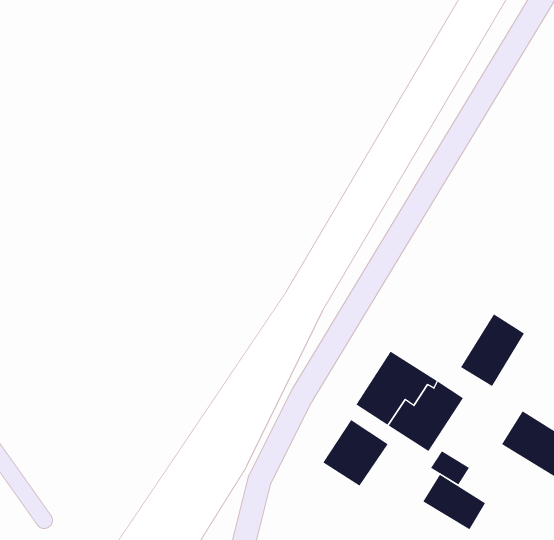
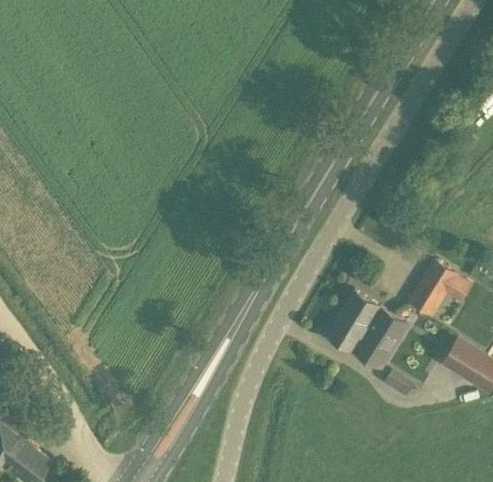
building: [323,419,389,486] -> none
building: [423,474,486,530] -> none

